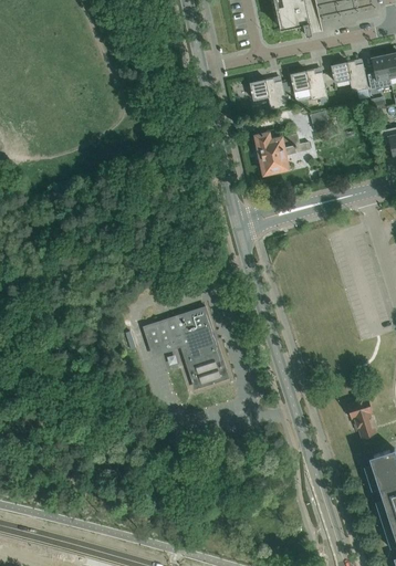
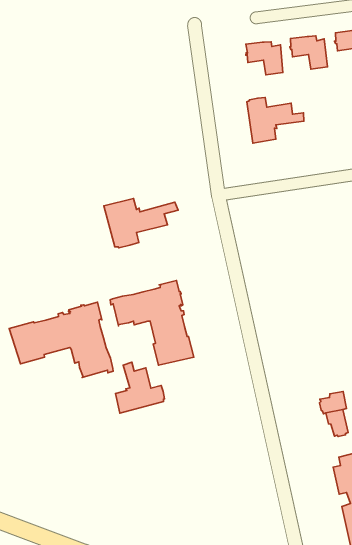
building: none -> [104,199,178,248]
building: none -> [9,302,113,377]
building: none -> [115,362,165,413]

